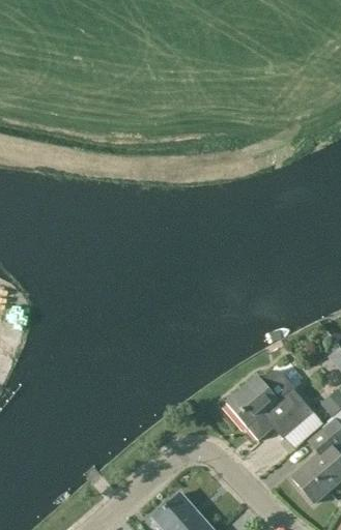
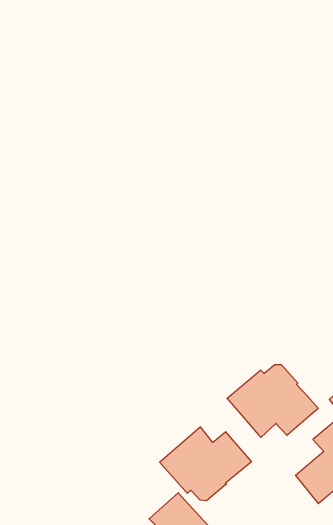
building: none -> [160,427,251,501]

